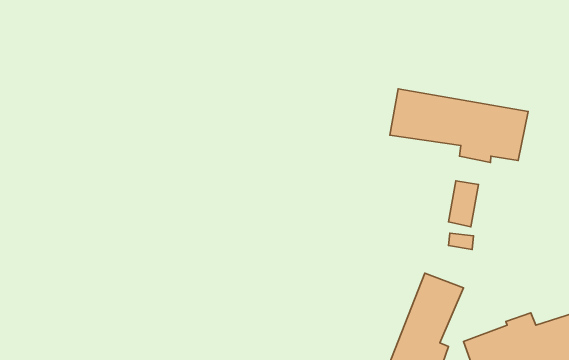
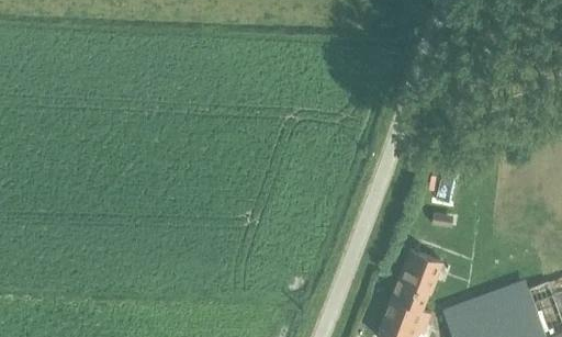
building: [390,89,528,163] -> none

